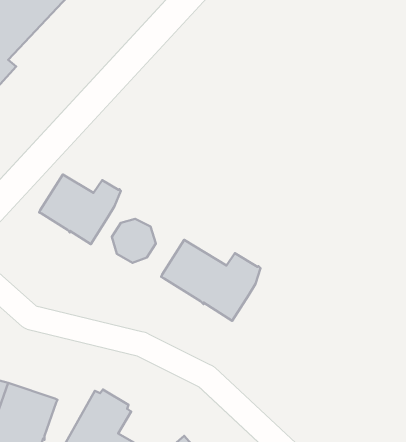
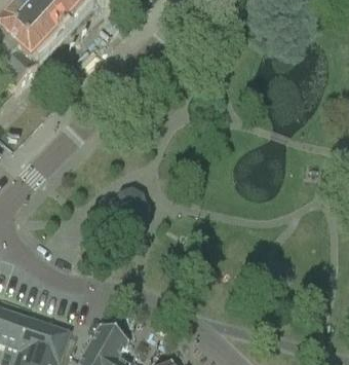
building: [39,175,121,244] -> none
building: [161,240,261,321] -> none

